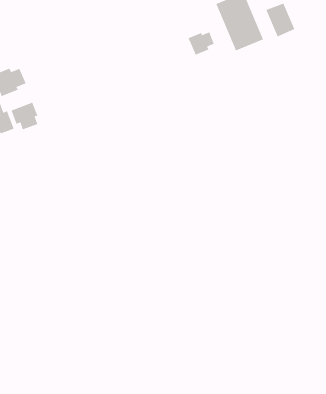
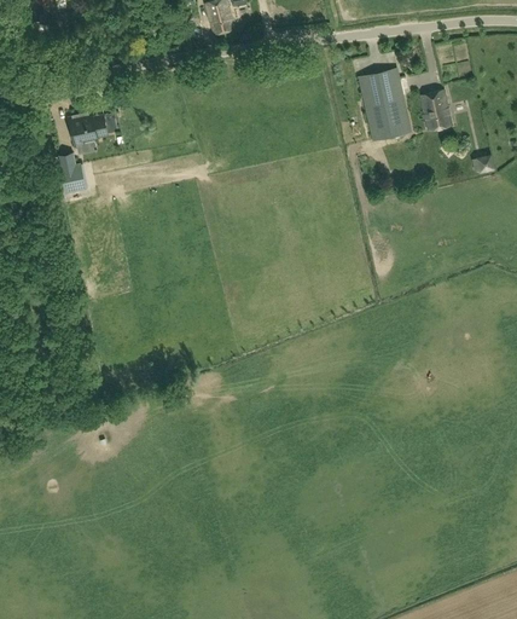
building: [188,31,214,56] -> none
building: [11,102,38,130] -> none

